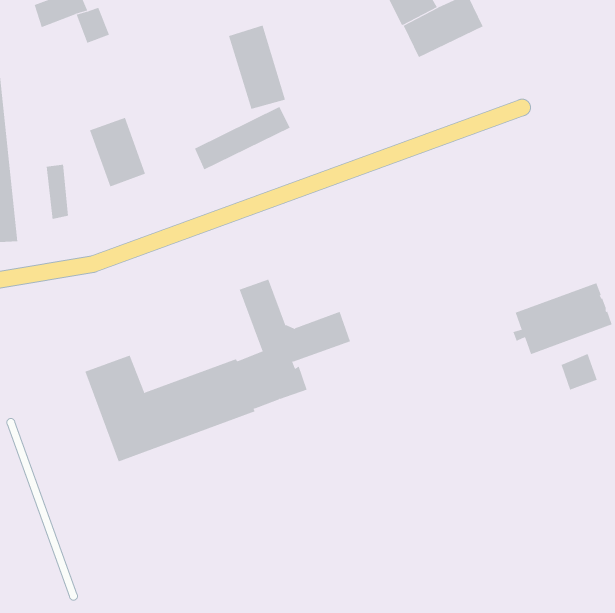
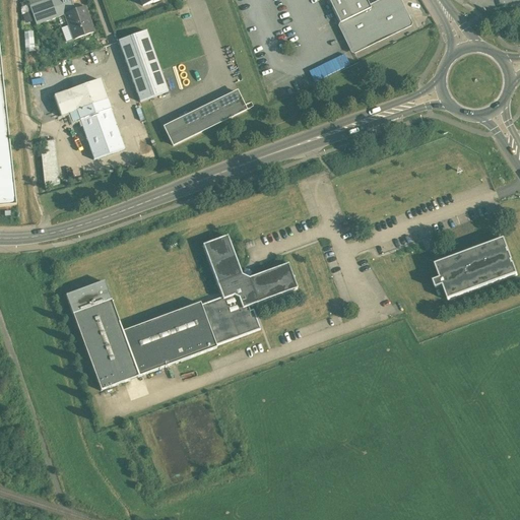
building: [228,25,286,109] -> [119,27,168,99]
building: none -> [53,78,107,115]
building: none -> [64,280,110,313]
building: [561,353,598,391] -> none

